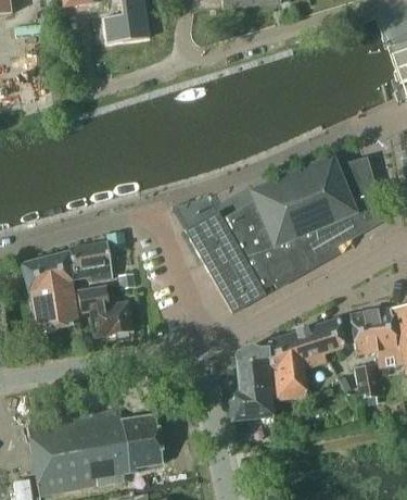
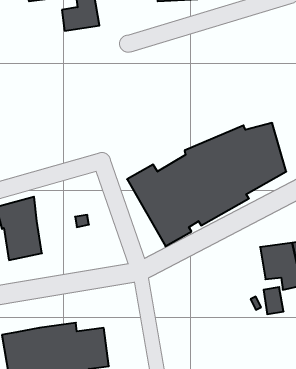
building: [69,240,113,280] -> none
building: [78,288,131,336] -> none
building: [227,317,342,420] -> none

